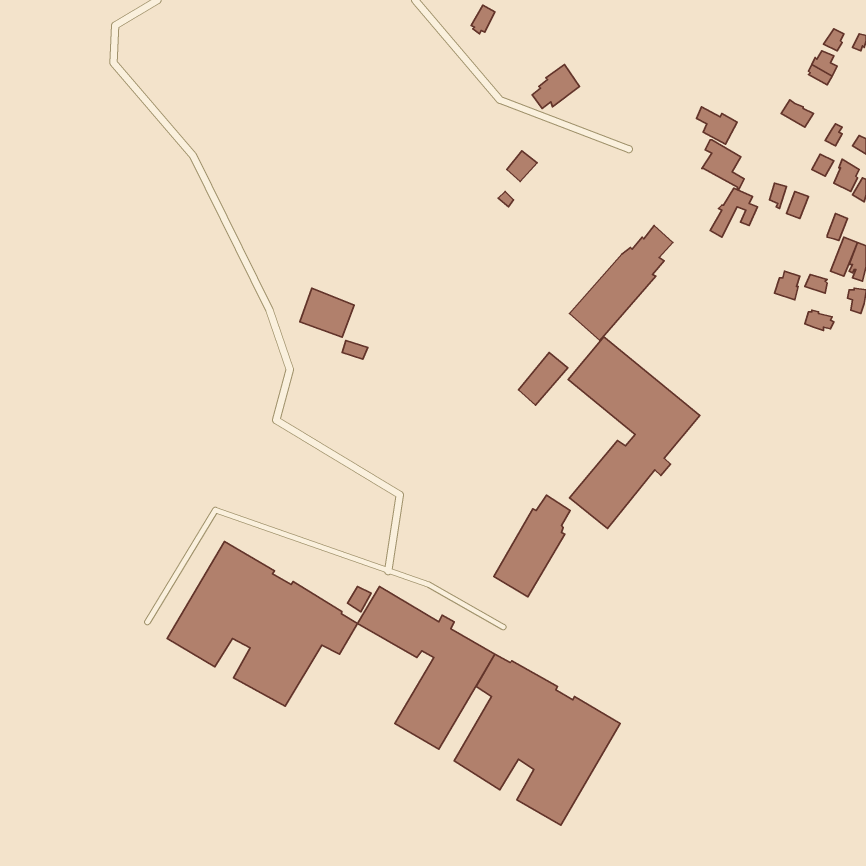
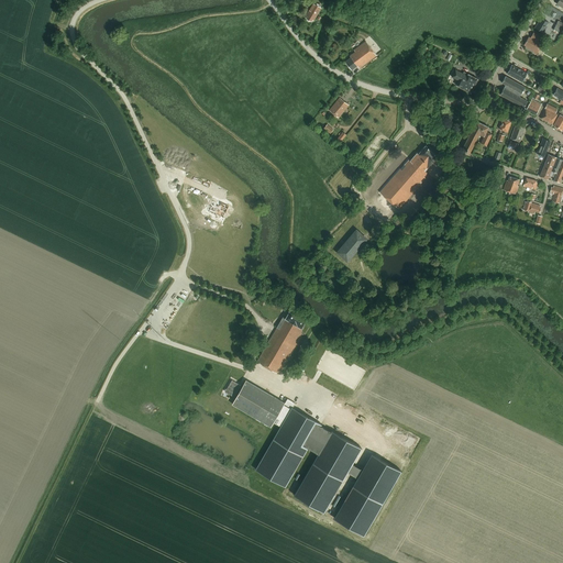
building: [702,140,744,189] -> [499,77,527,109]
building: [568,337,700,529] -> none
building: [494,495,570,597] -> [257,309,307,375]
building: [167,542,358,706] -> none

